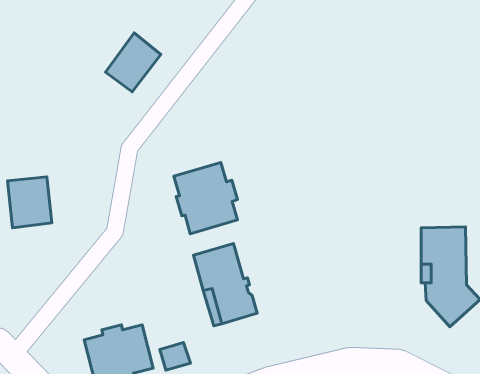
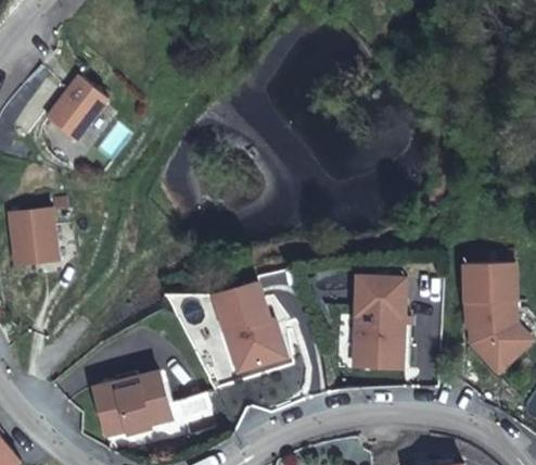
building: [106,33,161,92] -> [43,73,104,138]
building: [174,163,238,234] -> none
building: none -> [353,276,406,369]

